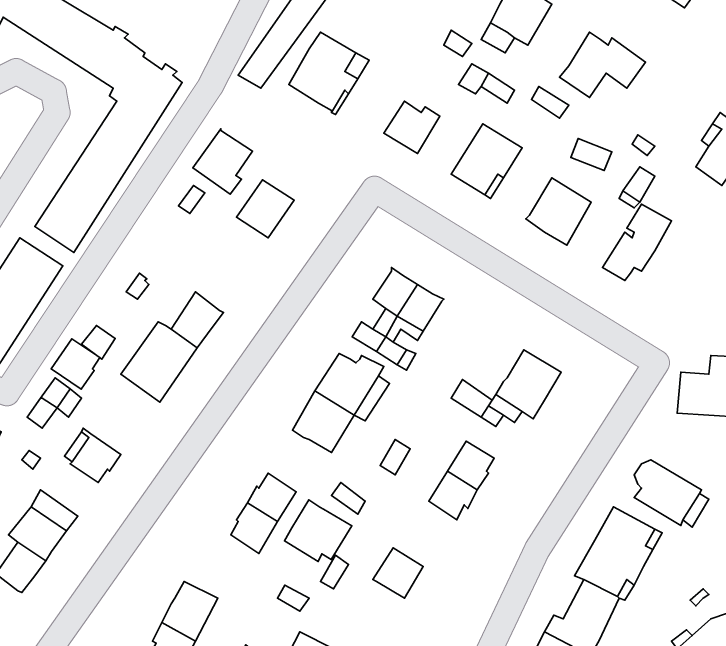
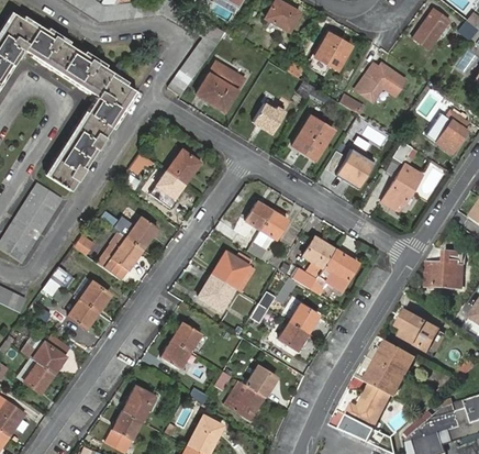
building: [193,129,253,194] -> [149,169,185,208]
building: none -> [303,236,335,267]
building: [51,339,100,389] -> [80,280,109,310]
building: [284,500,352,561] -> [225,379,265,416]

